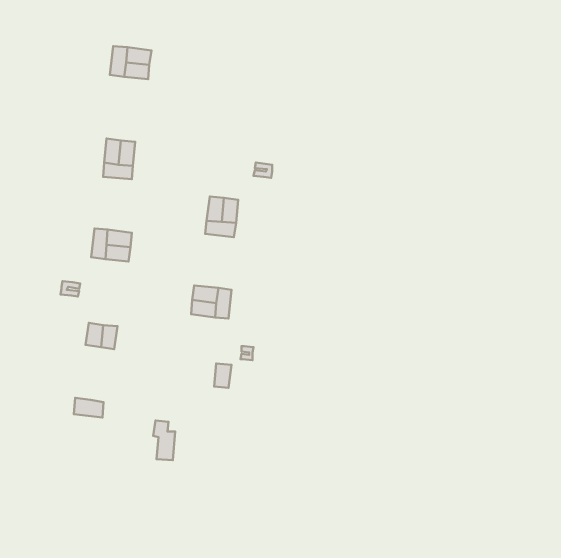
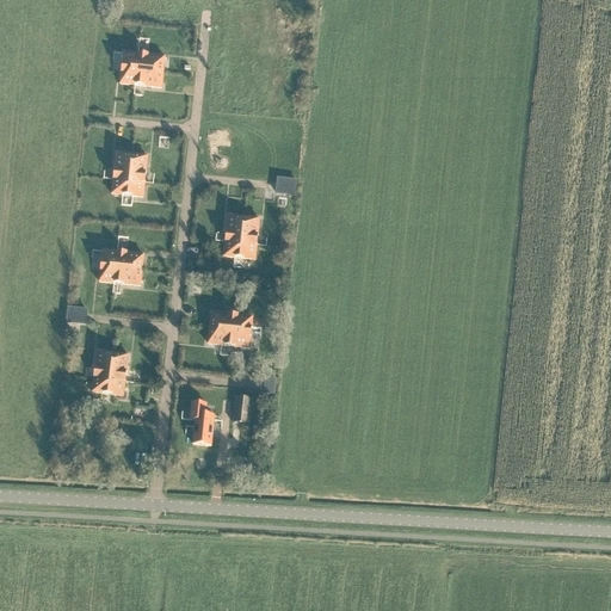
building: [74,398,104,418] -> [92,375,124,396]
building: [153,421,175,460] -> [190,401,214,444]

